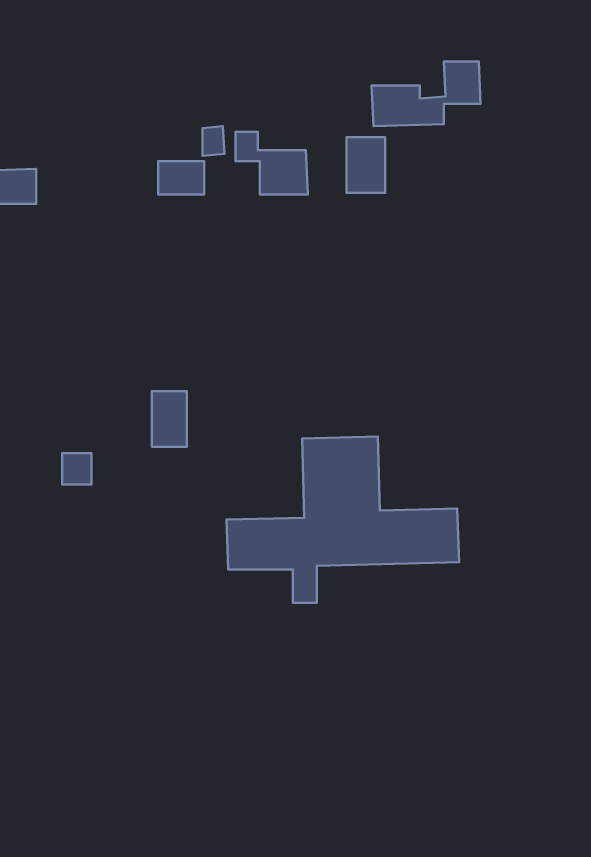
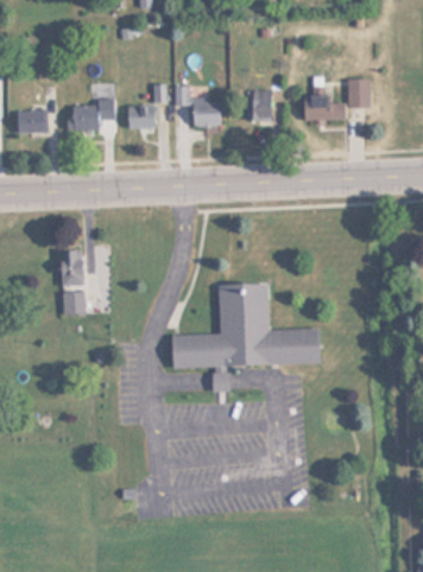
building: [372,61,481,126] -> [301,78,371,120]
building: none -> [67,97,116,131]
building: [152,391,187,447] -> [61,249,83,285]

